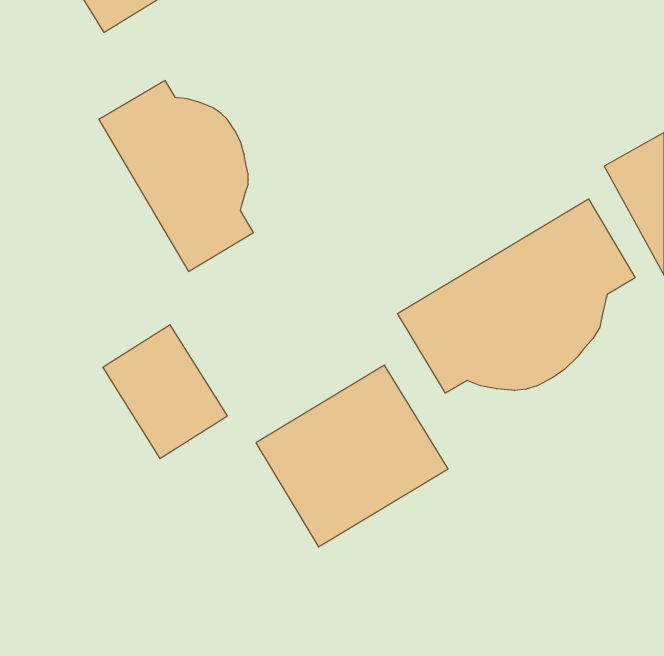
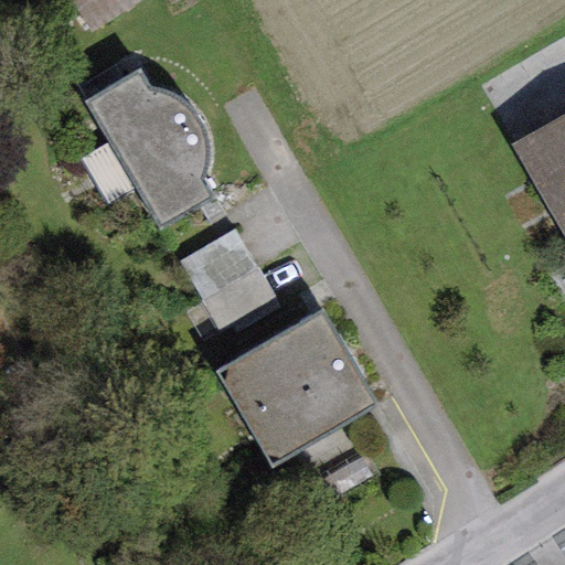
building: [397,199,635,393] -> none
building: [103,325,227,459] -> [175,225,281,339]

